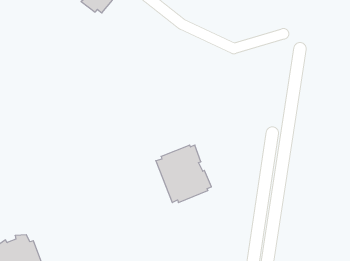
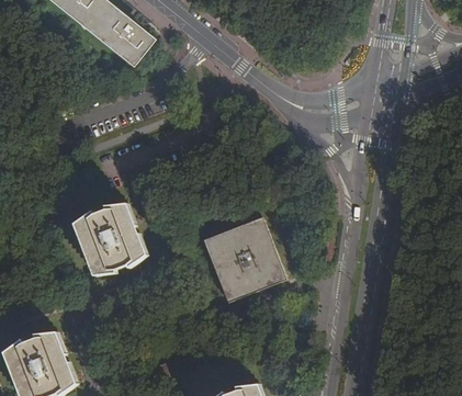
building: none -> [79,205,140,275]

